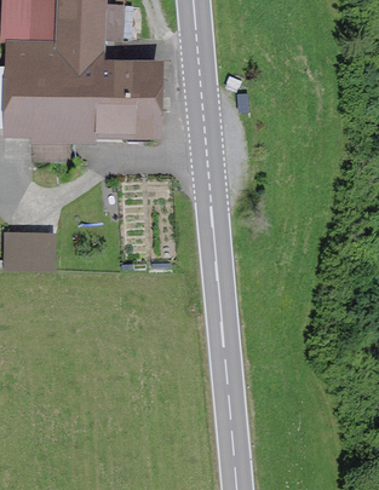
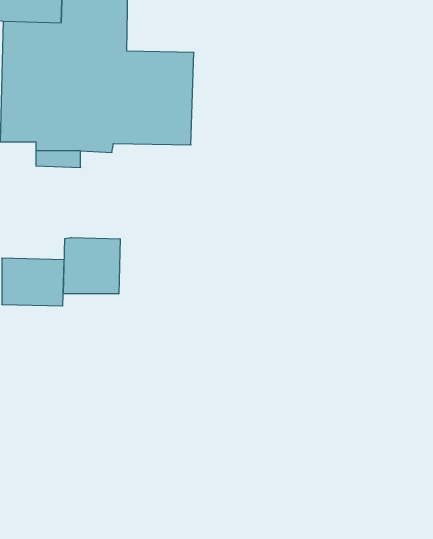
building: none -> [63,237,120,294]

